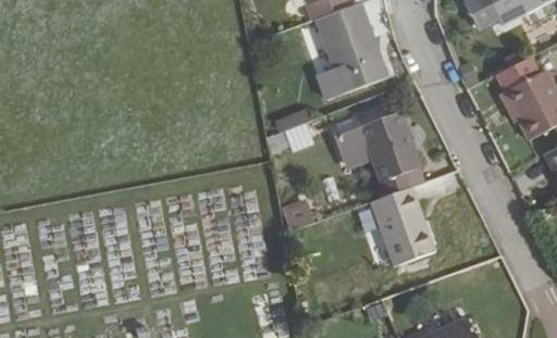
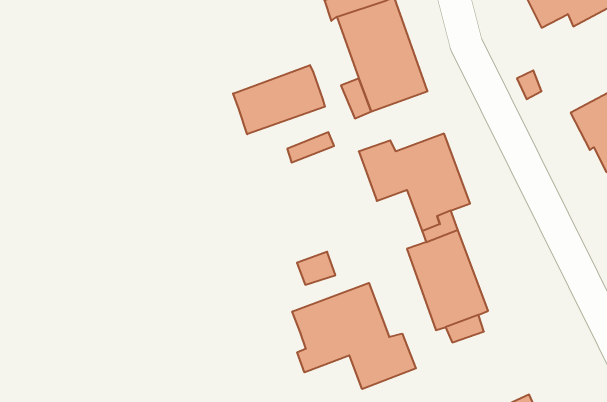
building: none -> [233,65,325,134]
building: none -> [292,283,416,389]

